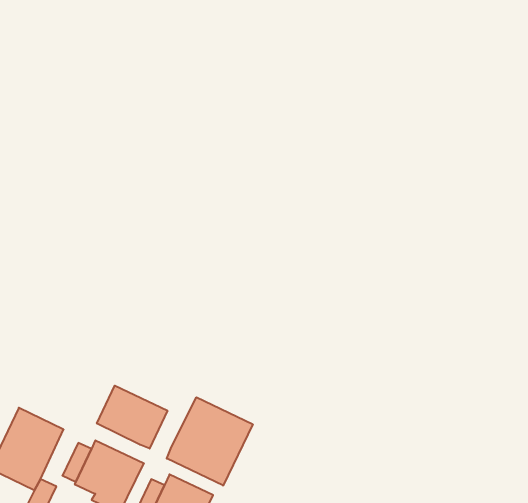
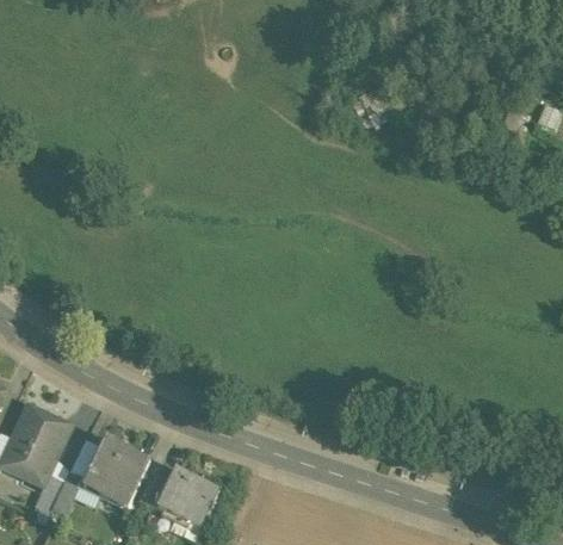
building: [97,386,167,449] -> none
building: [167,397,253,486] -> none

